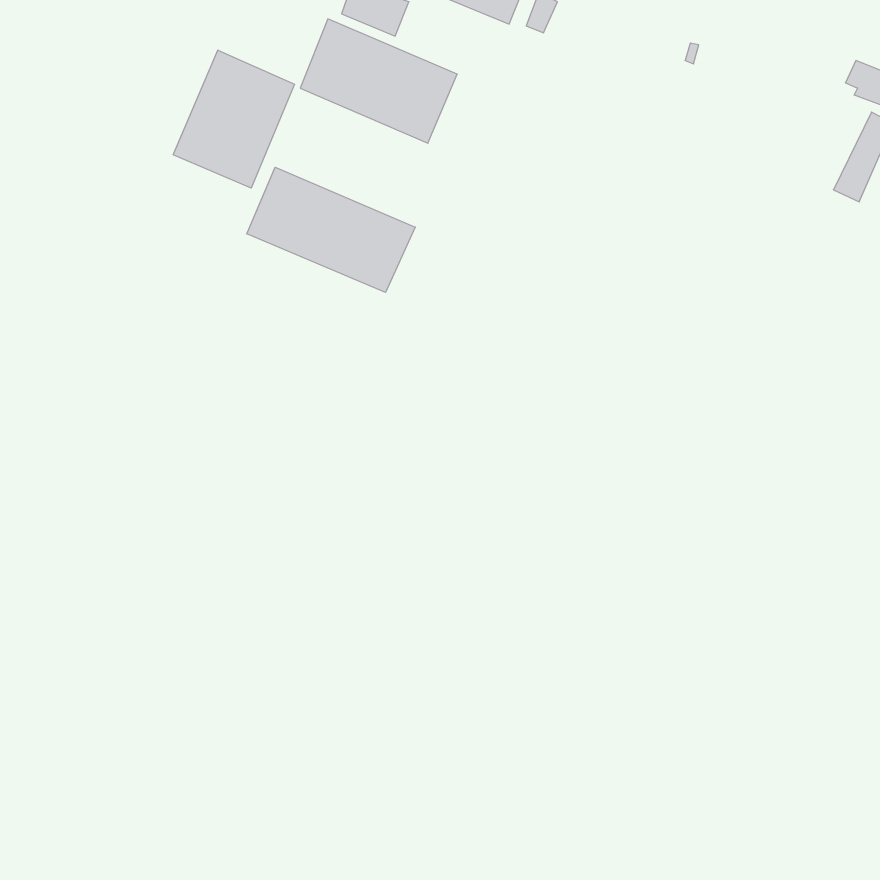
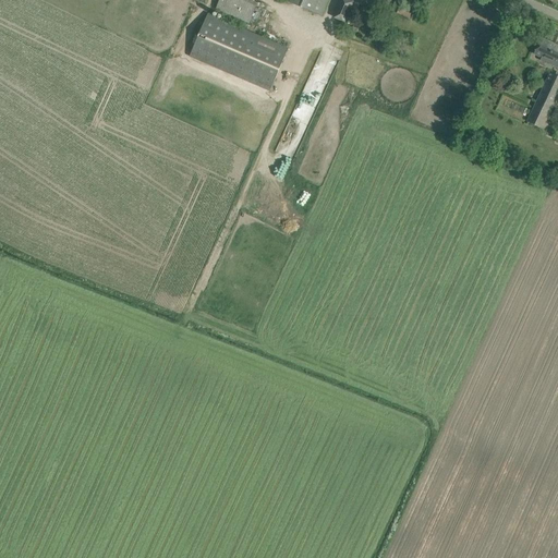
building: [173,50,295,188] -> none
building: [247,167,415,292] -> none

